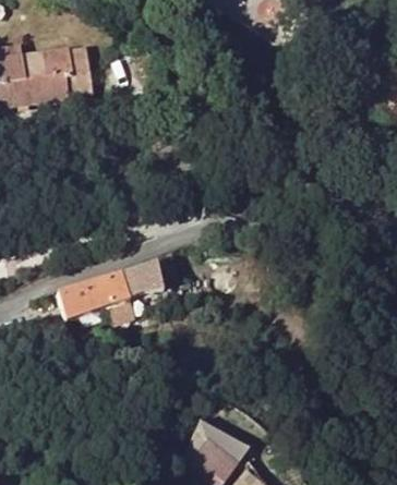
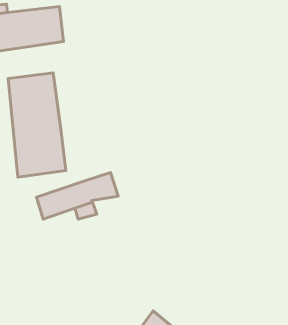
building: none -> [8,73,66,177]

